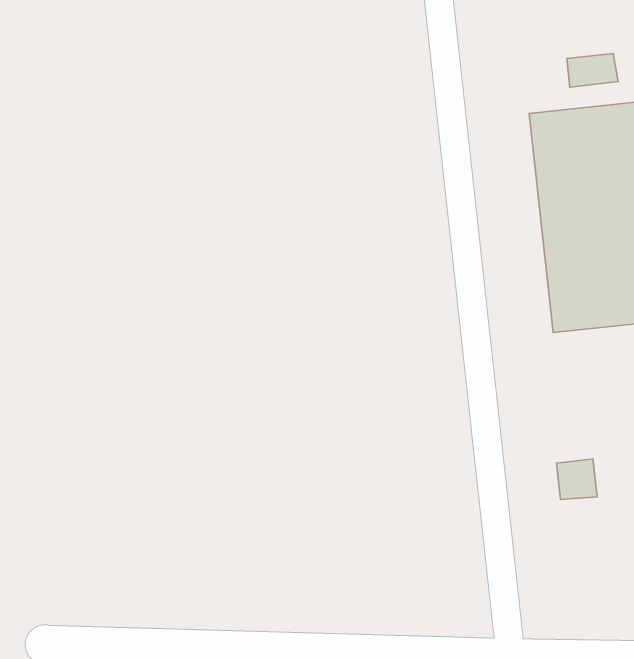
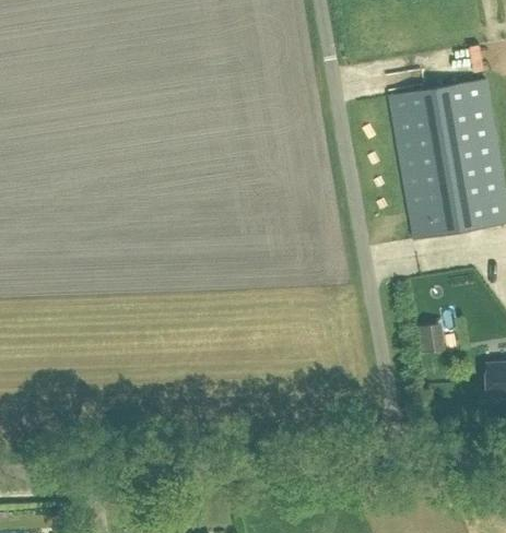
building: [567,53,618,87] -> none

